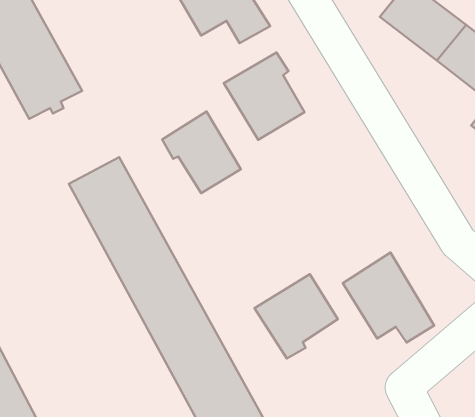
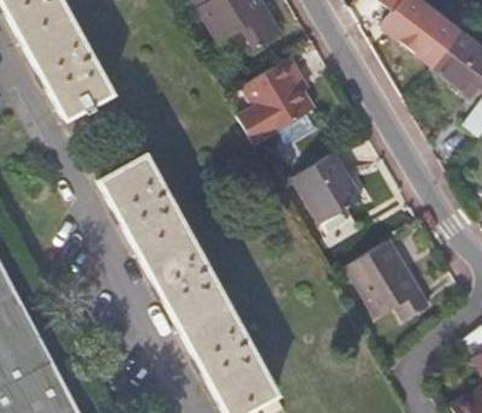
building: [162,112,241,193] -> none
building: none -> [293,153,363,224]
building: [254,274,338,359] -> none

